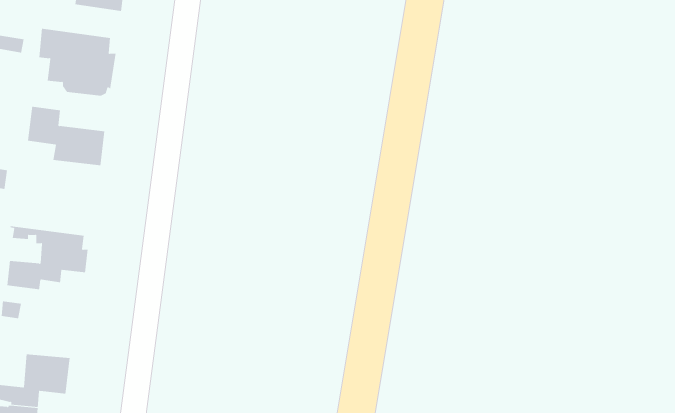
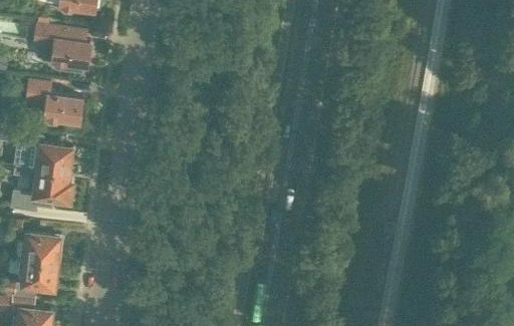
building: none -> [14,135,70,174]
building: none -> [25,234,59,262]

